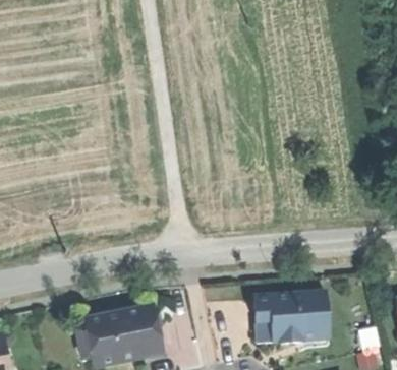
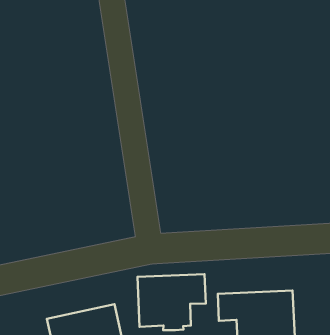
building: none -> [137,274,206,330]

